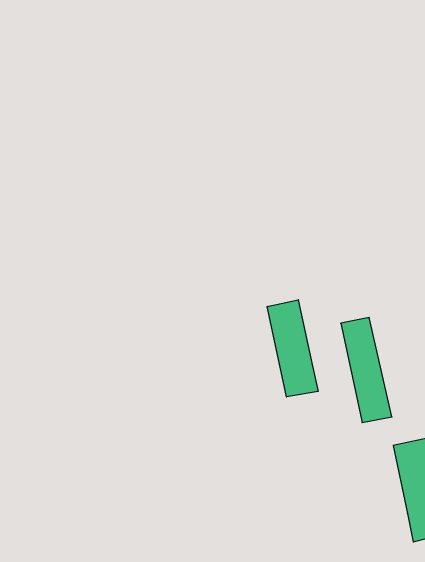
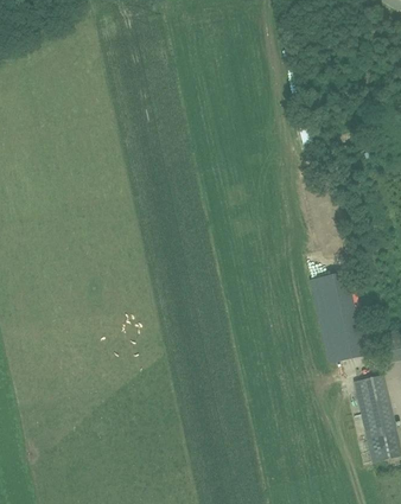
building: [267,300,318,397] -> none

